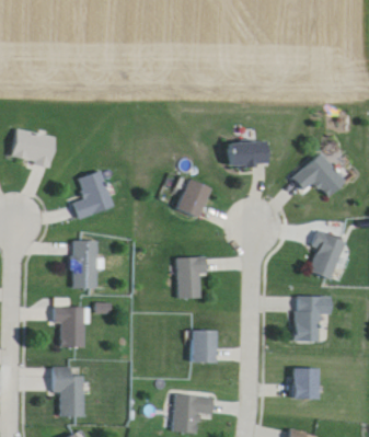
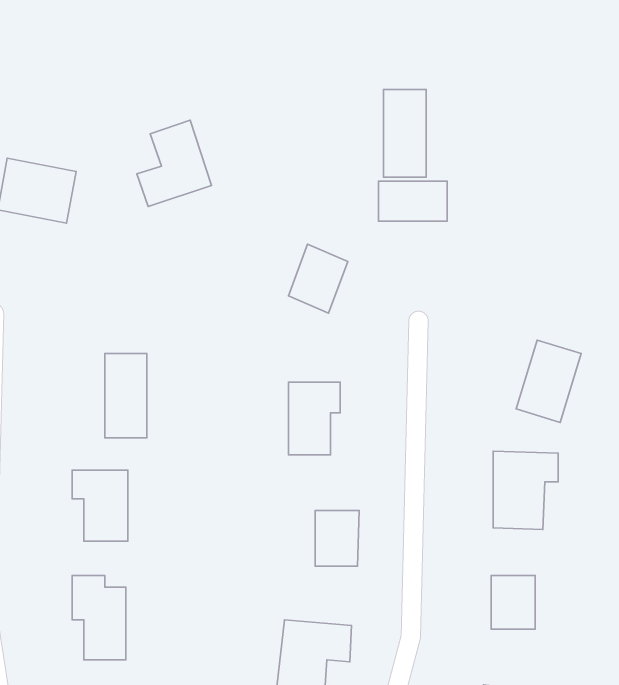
building: none -> [384,90,426,177]
building: [288,150,345,198] -> none
building: [69,171,112,220] -> [137,120,211,207]

